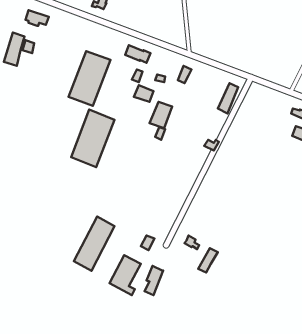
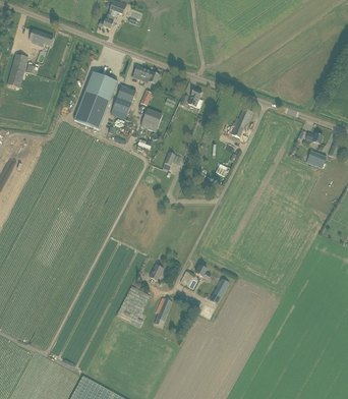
building: [150,102,172,128] -> [112,85,135,113]
building: [71,110,114,167] -> none
building: [74,217,114,271] -> none

